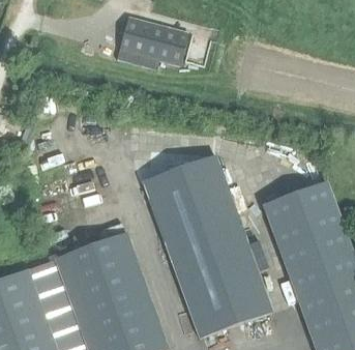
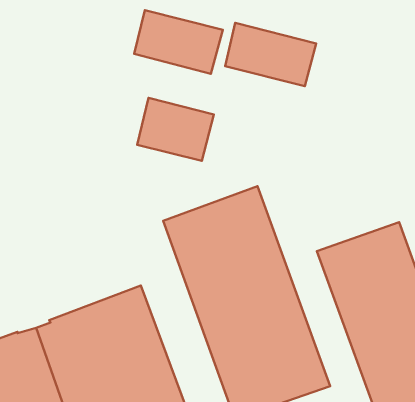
building: none -> [225,23,316,86]
building: none -> [137,98,214,161]

